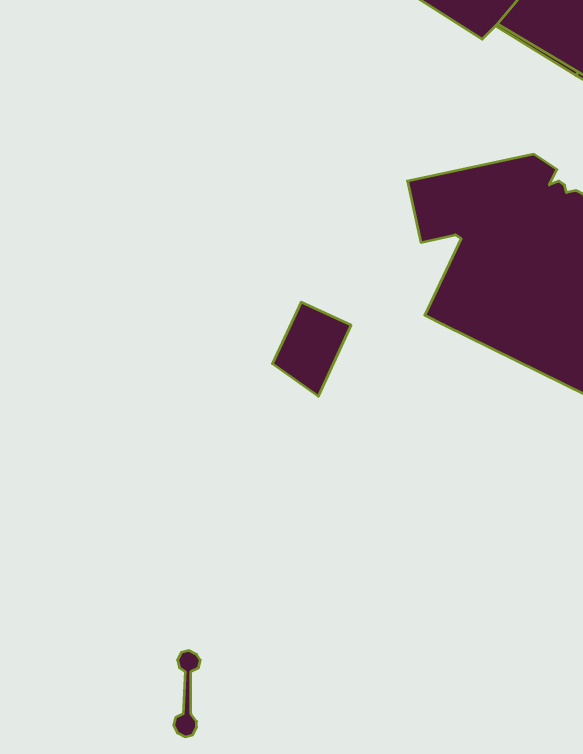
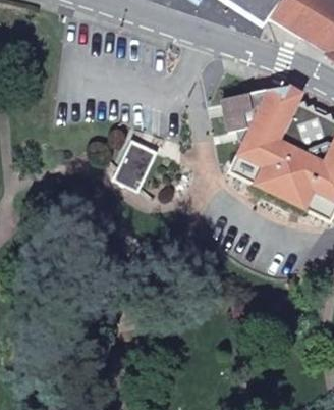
building: [272,302,351,396] -> [115,139,157,189]

